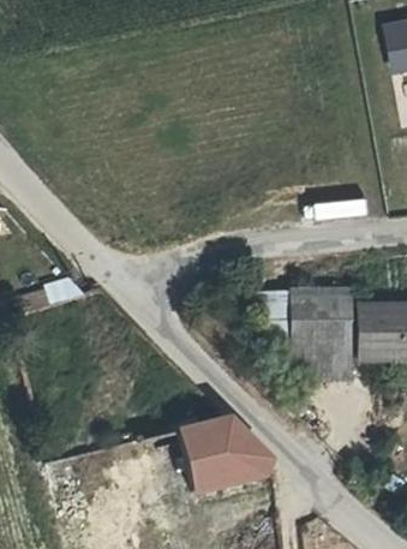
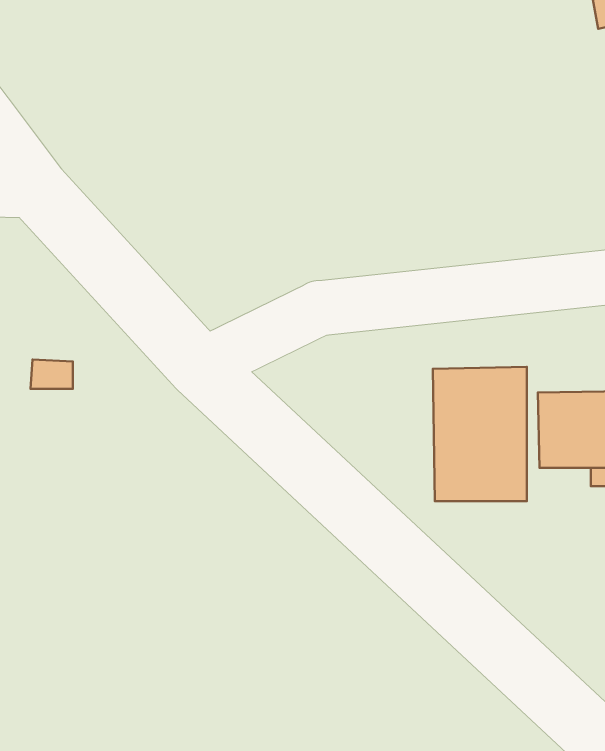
building: [185,416,274,488] -> none

